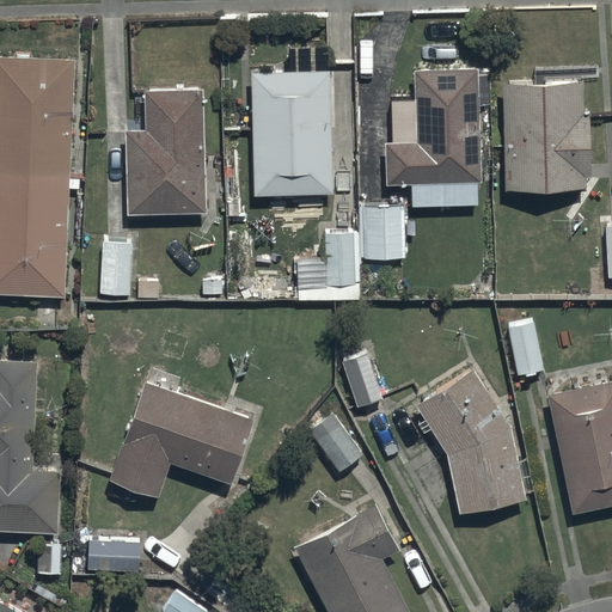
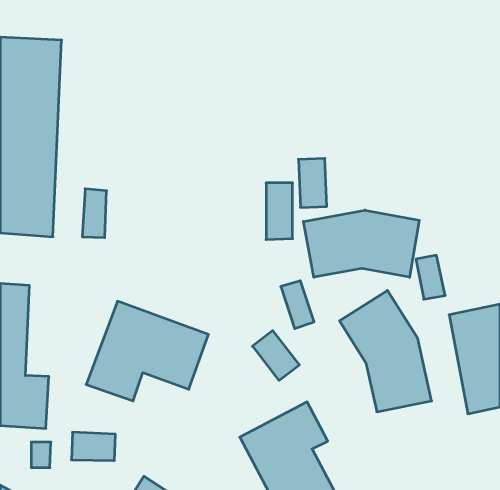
building: [386,68,482,185] -> none
building: [250,72,333,196] -> none
building: [502,80,589,194] -> none
building: [124,88,206,216] -> none
building: none -> [303,210,419,277]

